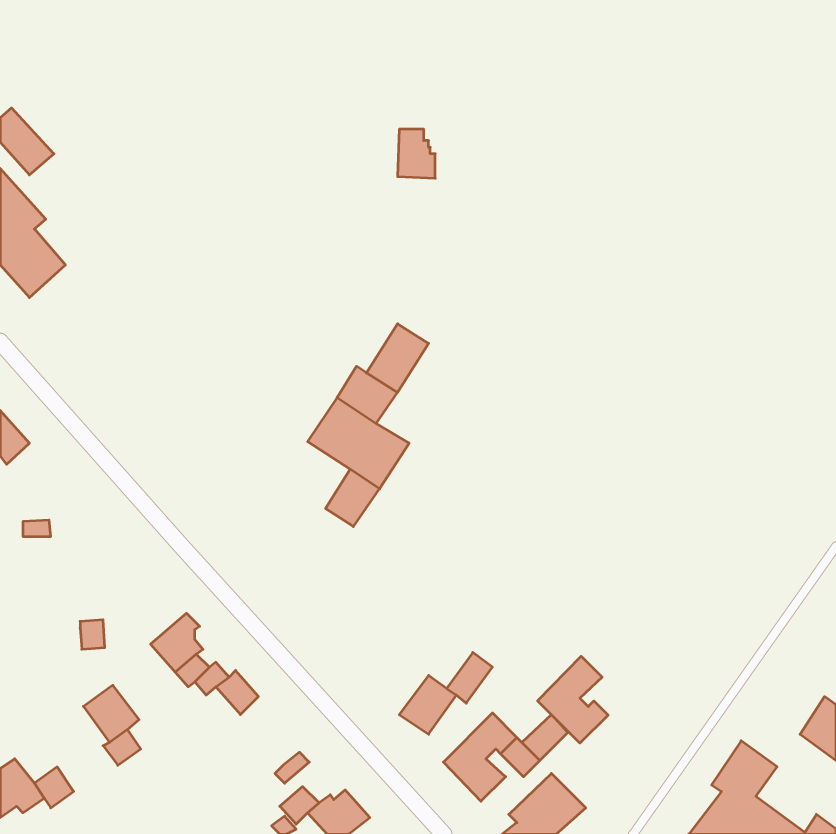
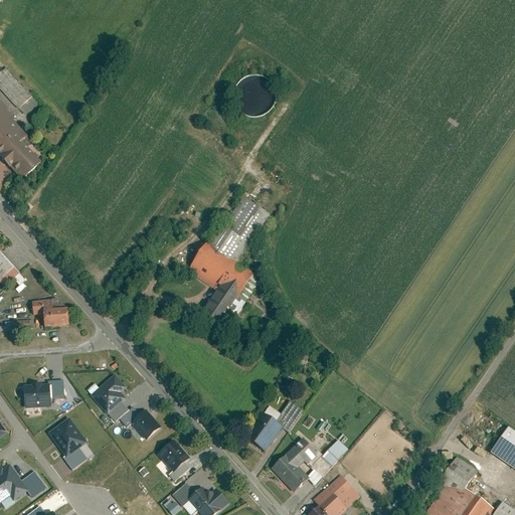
building: none -> [32,300,68,326]
building: none -> [25,385,50,407]
building: [538,656,608,743] -> none
building: none -> [160,443,188,471]

